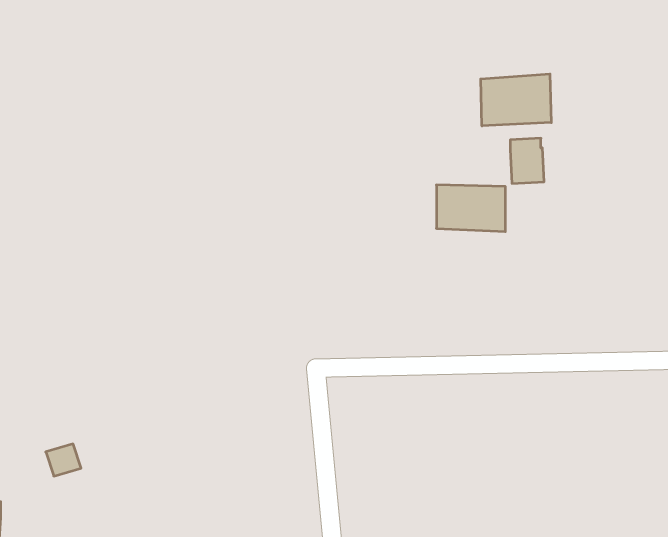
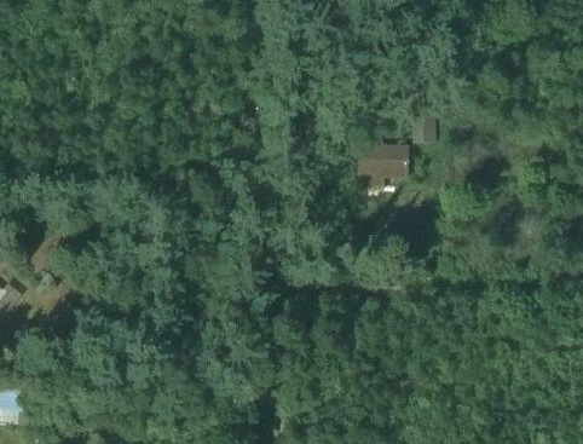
building: [481,74,551,126] -> none

